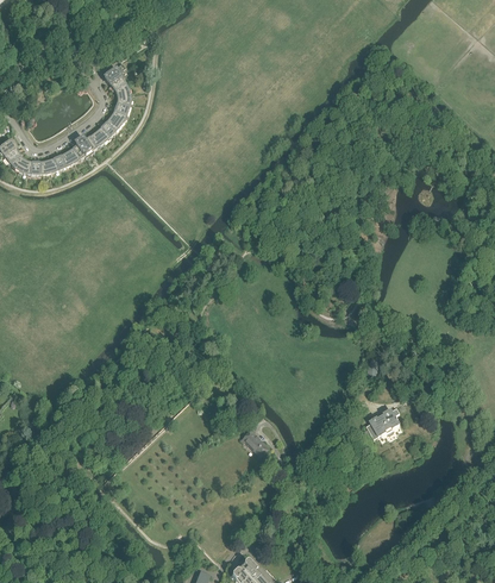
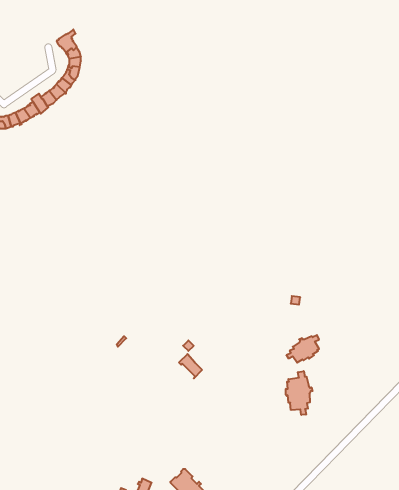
building: none -> [286,371,313,415]

